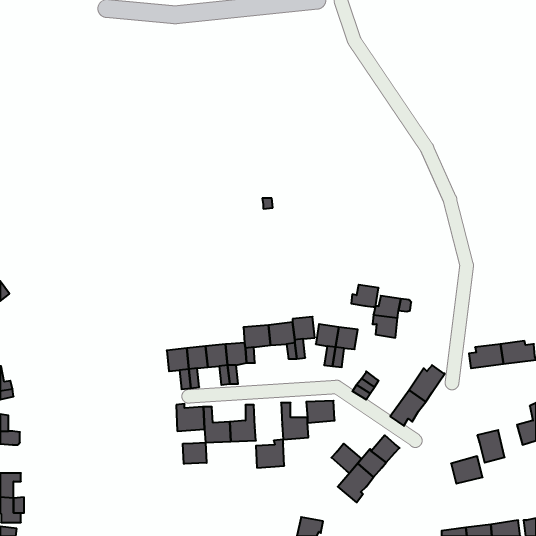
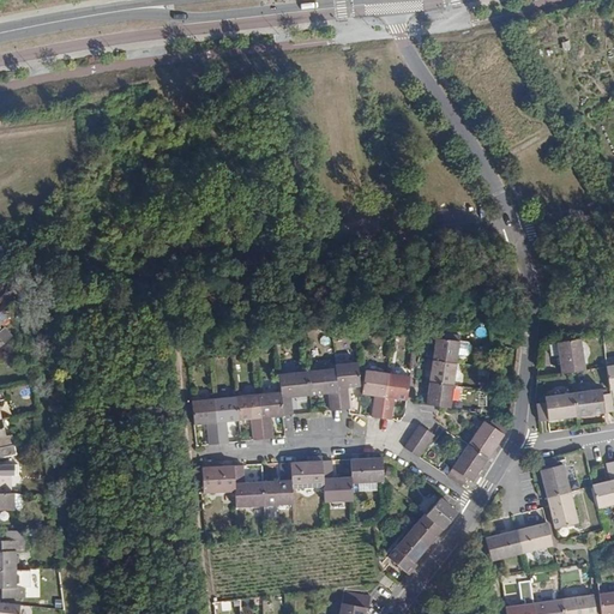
building: [351,285,379,307] -> [421,383,452,408]
building: none -> [556,339,584,374]
building: none -> [536,457,570,498]
building: [256,439,284,468] -> [290,456,323,488]
building: [183,443,207,464] -> none
building: [331,444,362,473] -> none
building: none -> [484,530,522,560]

